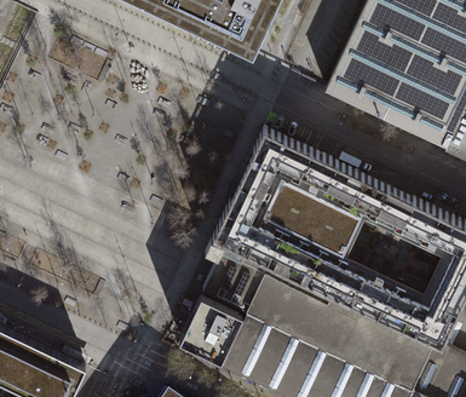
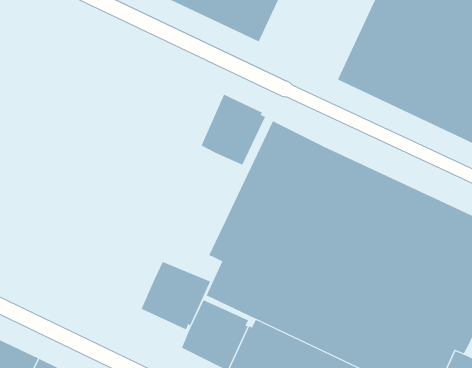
building: none -> [201,94,266,166]
building: none -> [141,261,211,330]

